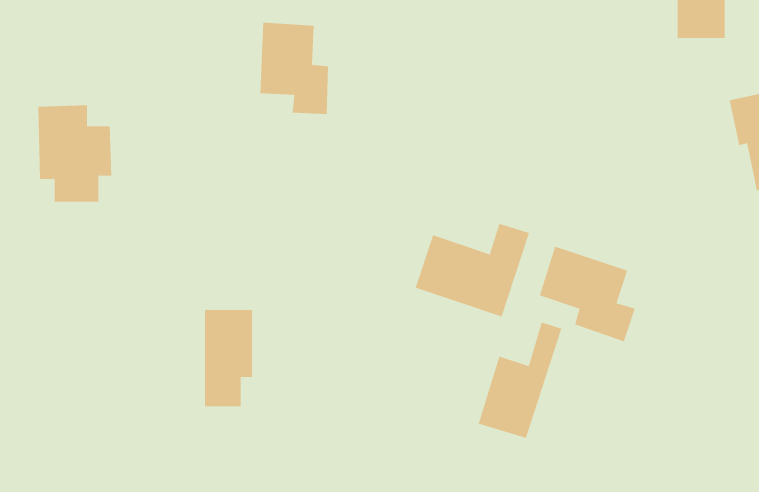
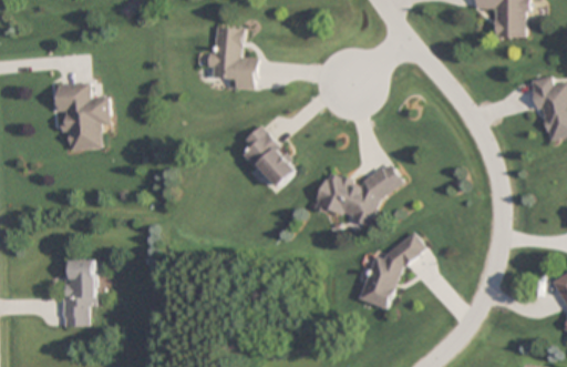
building: none -> [243,126,300,190]
building: [539,246,636,342] -> none
building: [204,310,253,407] -> [61,259,94,326]

